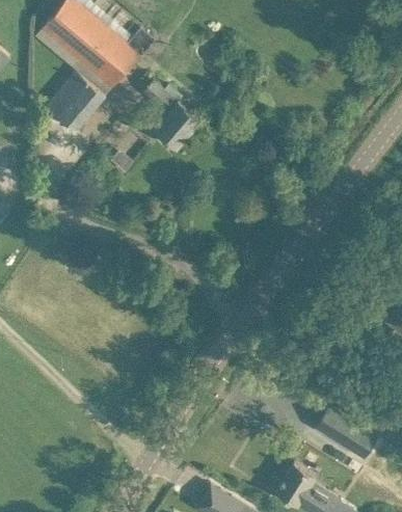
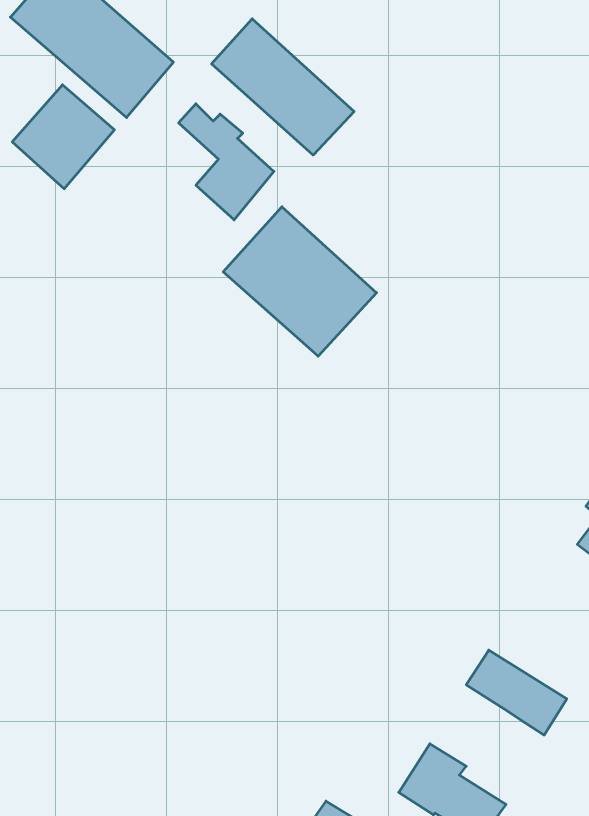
building: none -> [212,19,354,155]
building: none -> [223,207,377,356]

